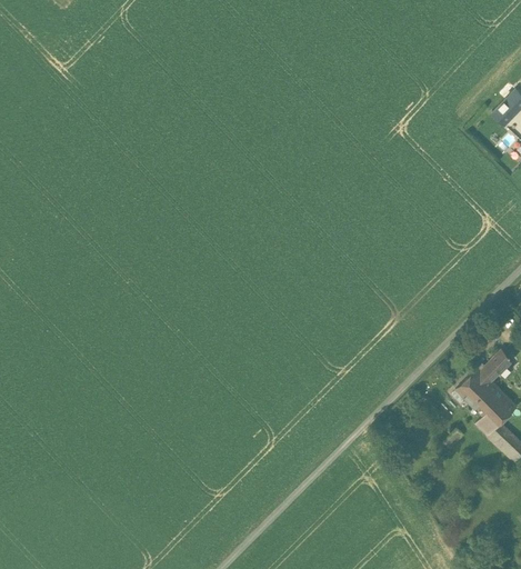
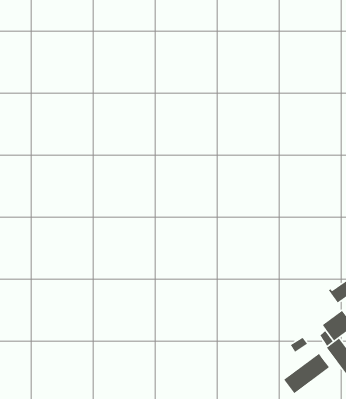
building: [455,366,499,409] -> none
building: none -> [283,353,330,394]

